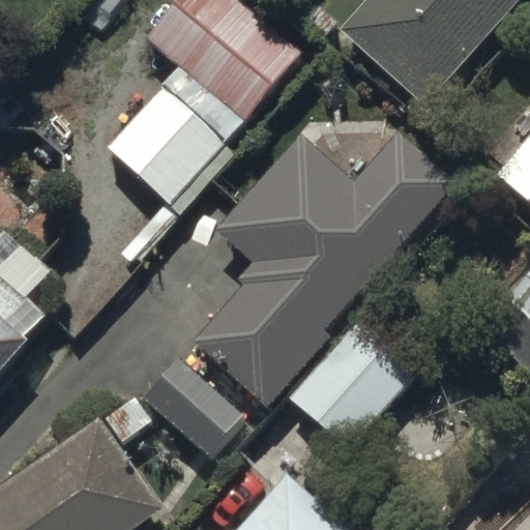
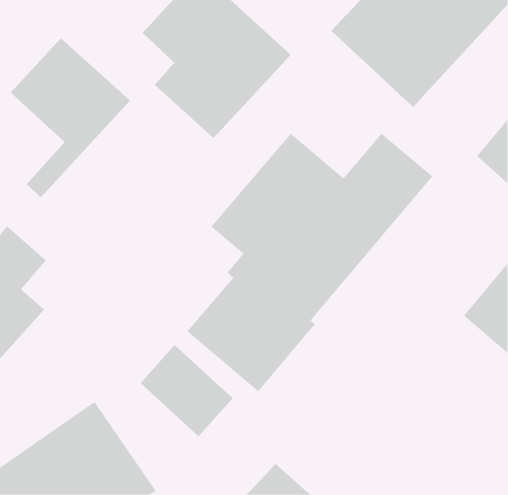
building: [107,88,232,255] -> [10,37,131,198]
building: [289,319,415,447] -> none

